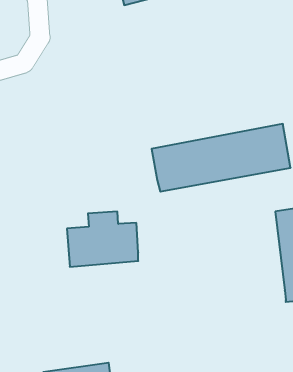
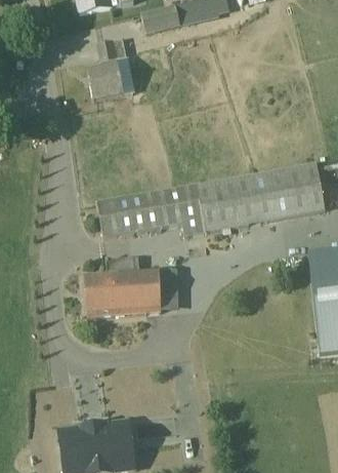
building: none -> [87,37,133,98]
building: none -> [95,189,181,238]

